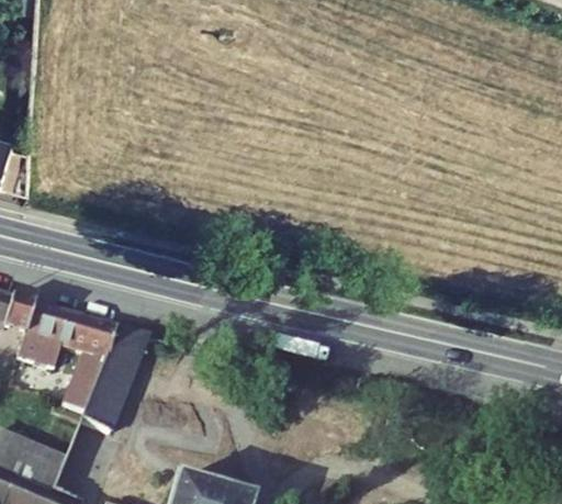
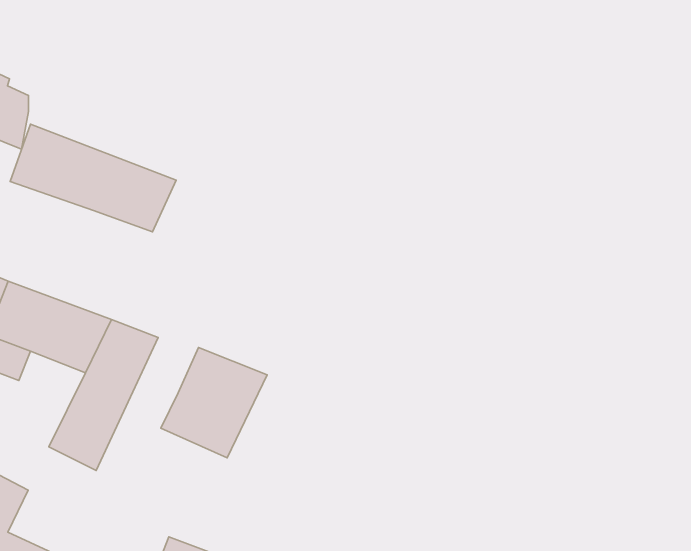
building: none -> [10,124,176,232]
building: none -> [161,348,267,458]

